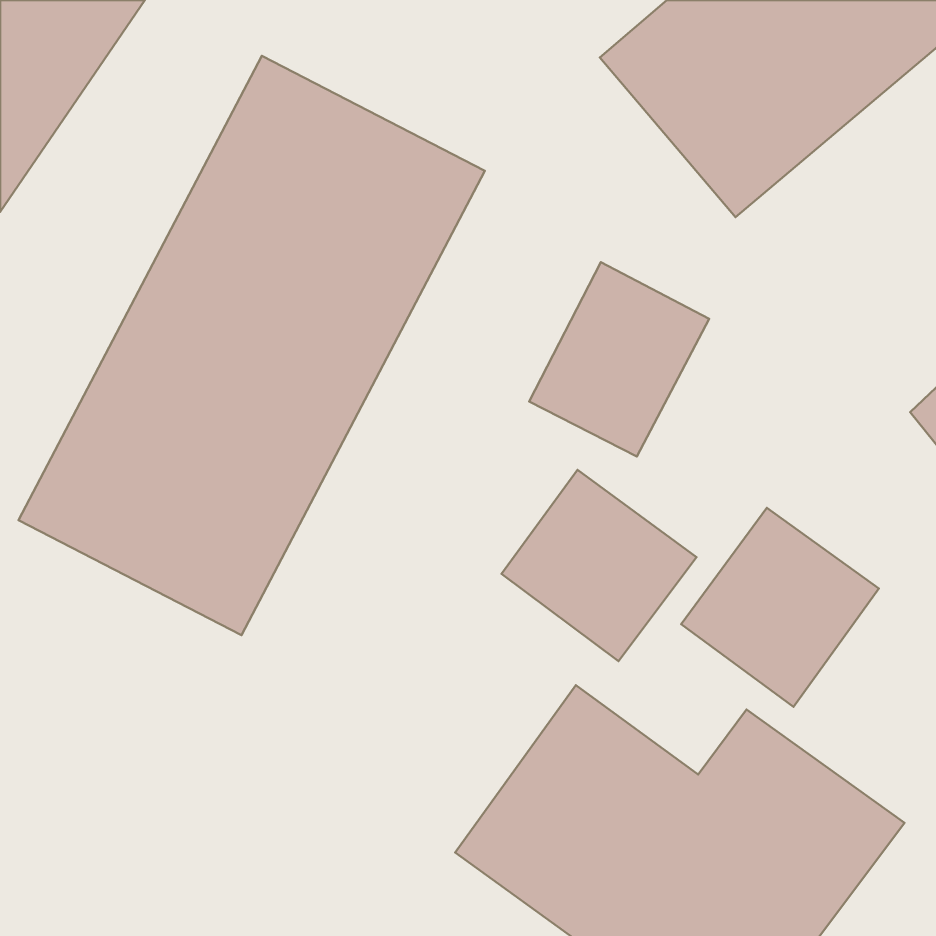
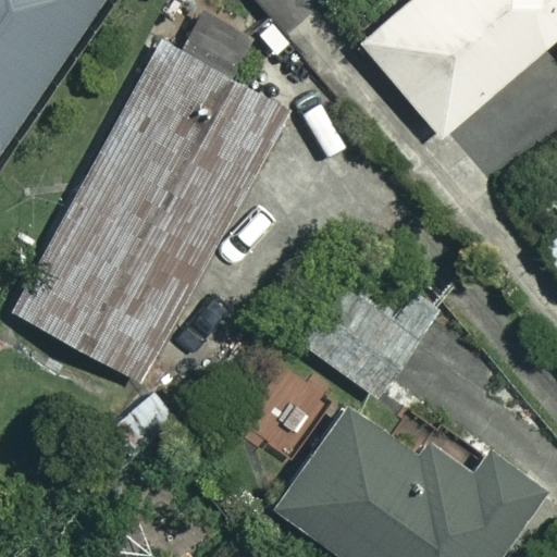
building: [529,262,709,457] -> none
building: [681,508,879,707] -> none

